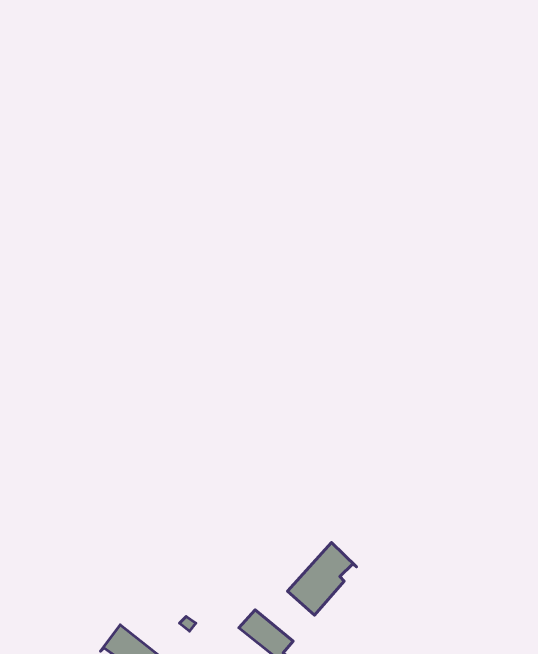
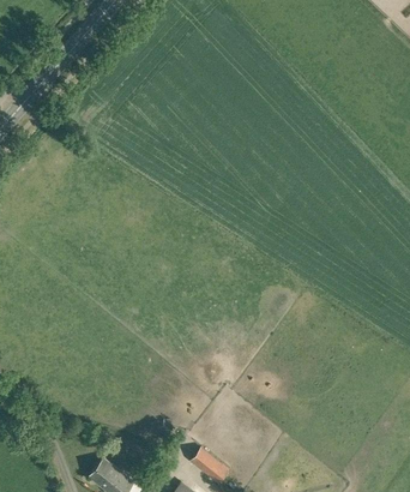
building: [288,543,356,615] -> none

